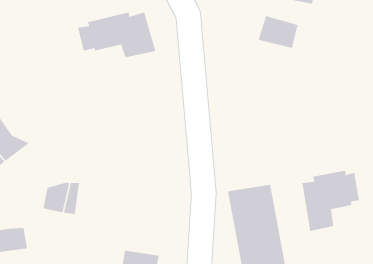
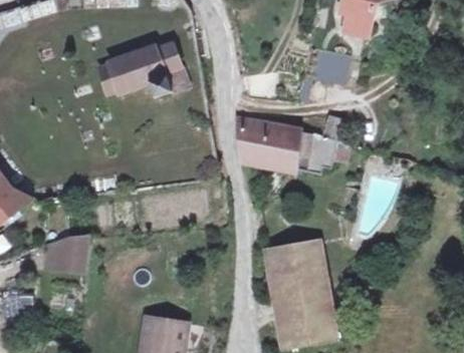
building: none -> [234,119,344,172]
building: [302,170,360,232] -> none

